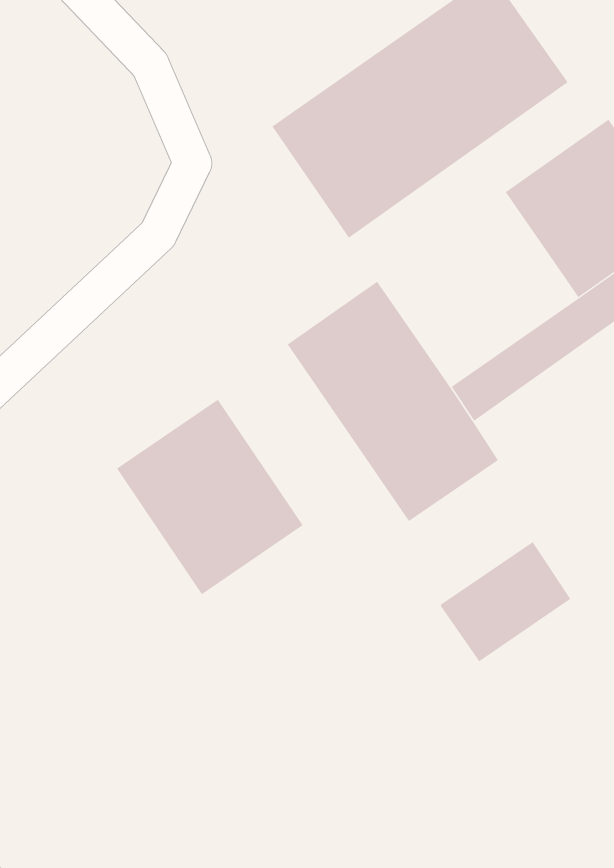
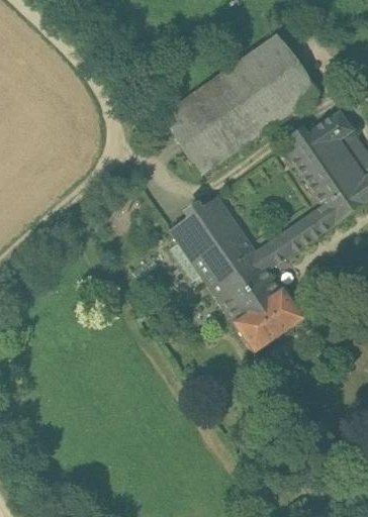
building: [116,399,304,595] -> none
building: [440,541,571,662] -> [234,288,302,351]

